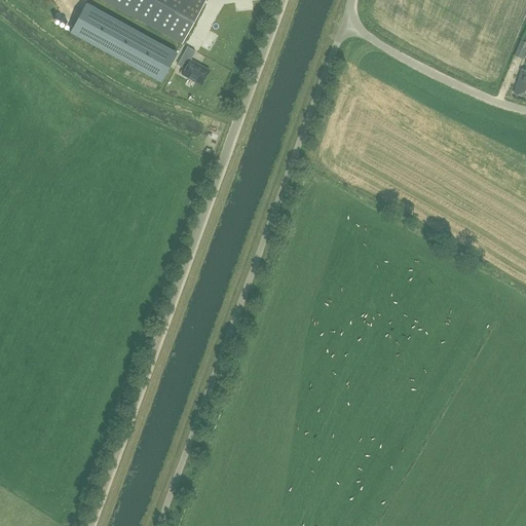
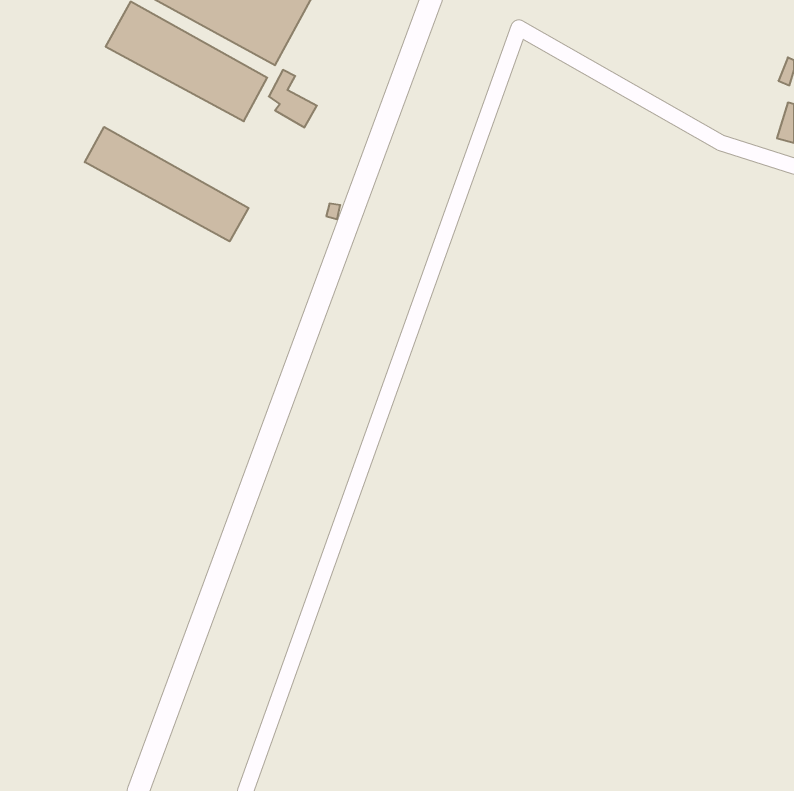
building: none -> [85,127,249,241]

